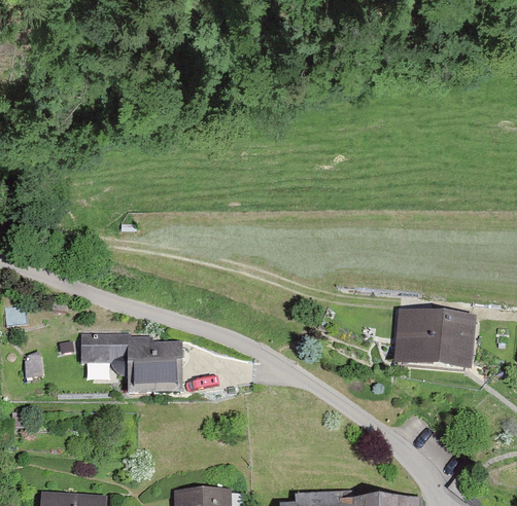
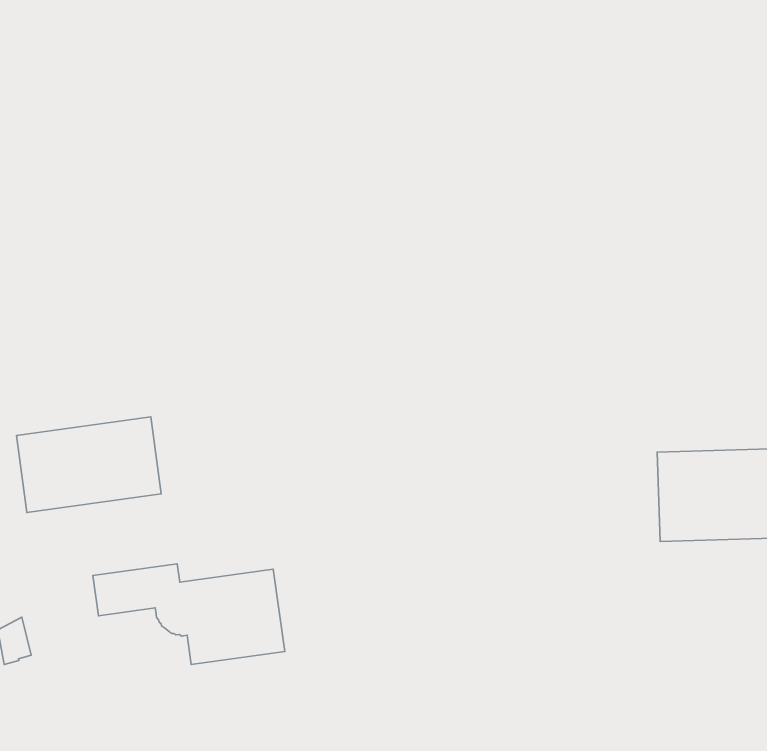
building: none -> [17,417,161,513]

